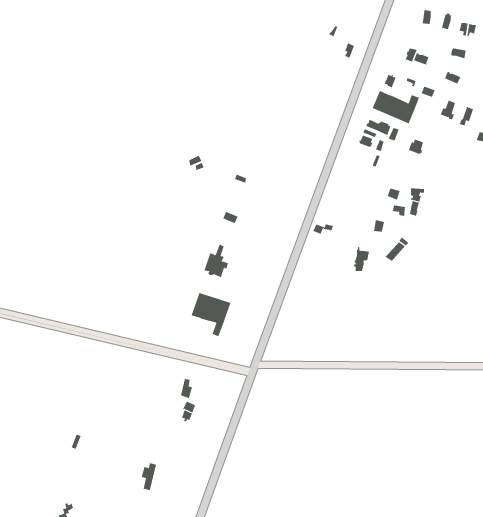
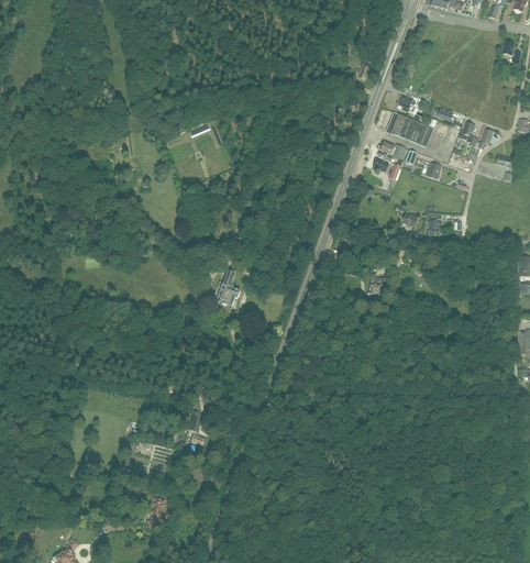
building: [191,292,231,337] -> none

